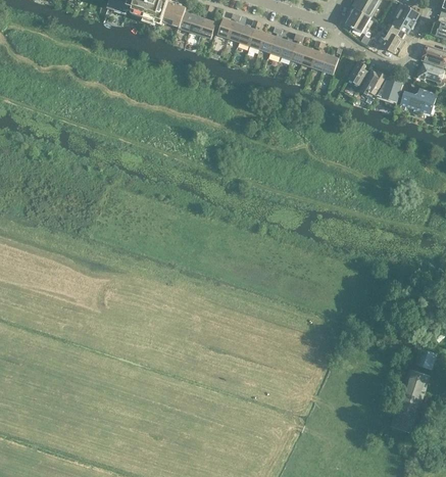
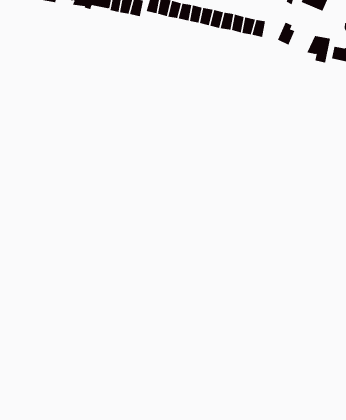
building: [358,69,385,99] -> none

